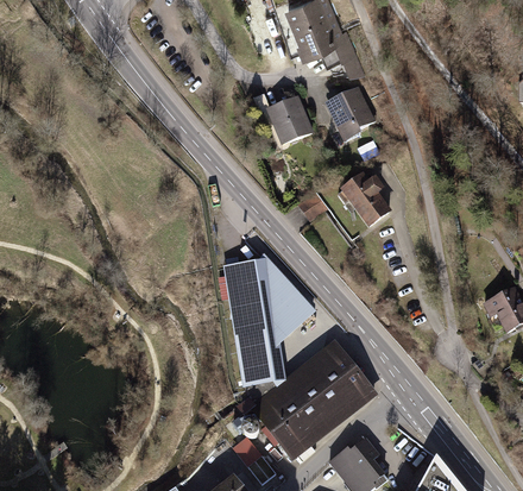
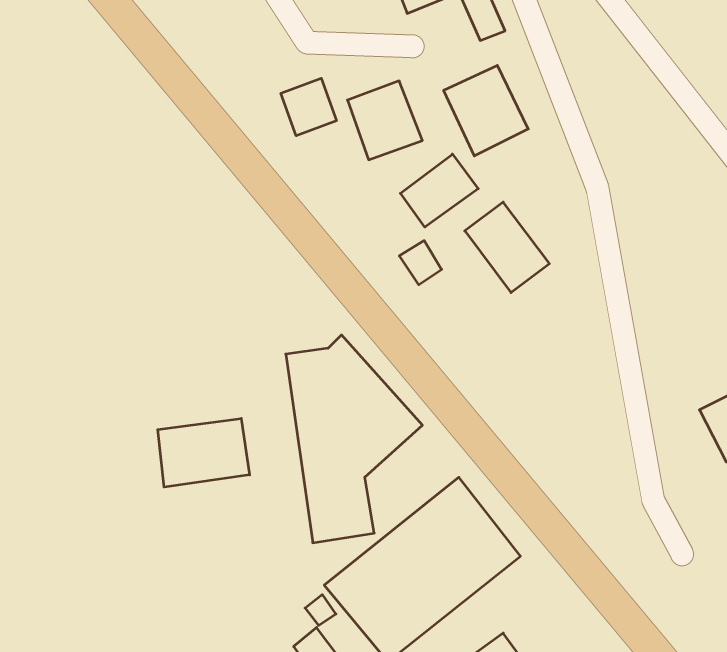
building: none -> [281,78,336,136]
building: none -> [400,154,478,227]
building: none -> [158,418,250,487]

